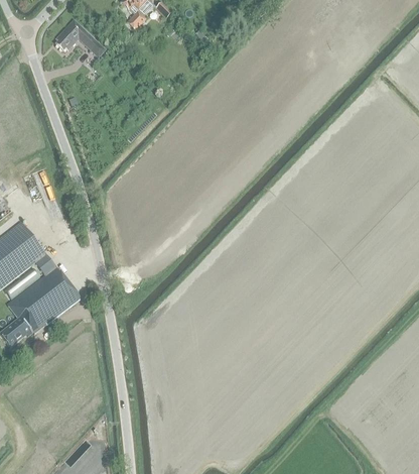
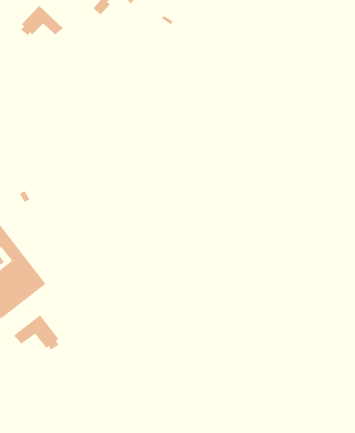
building: none -> [13,314,60,351]

